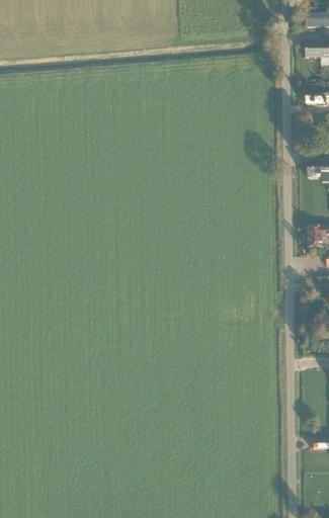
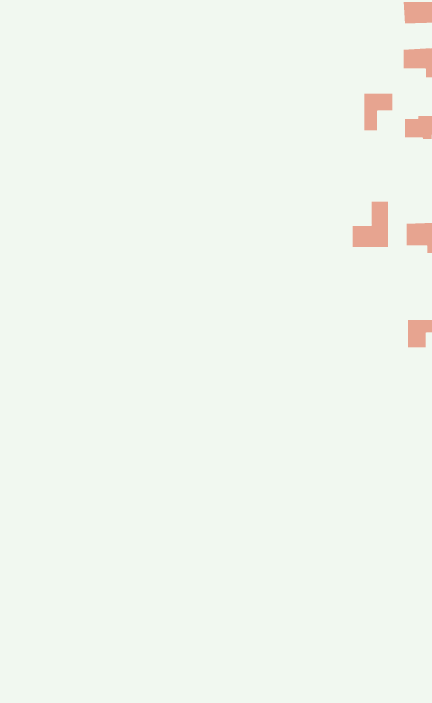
building: none -> [364,93,393,131]
building: none -> [352,201,388,248]

